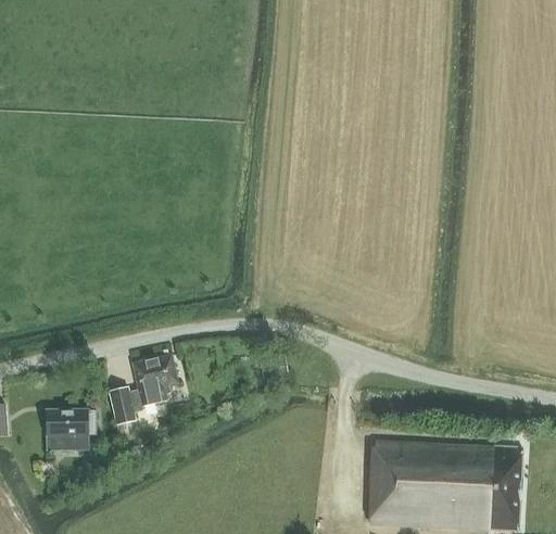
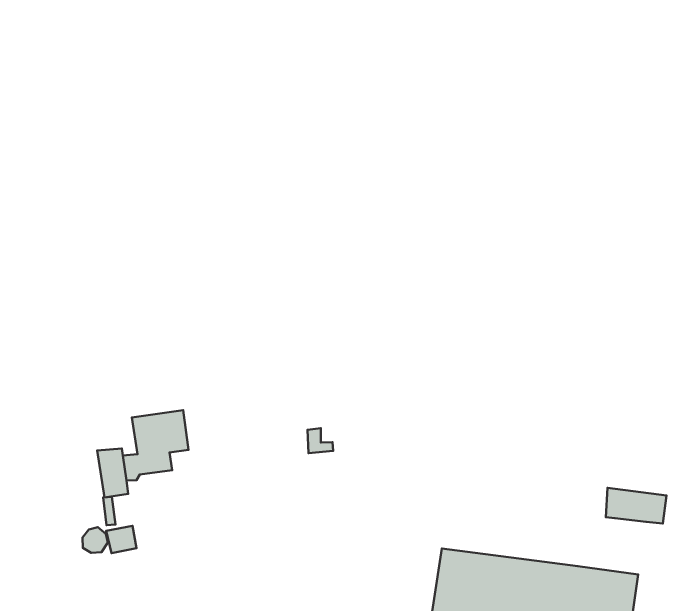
building: none -> [606,488,666,523]
building: [46,409,96,448] -> none

